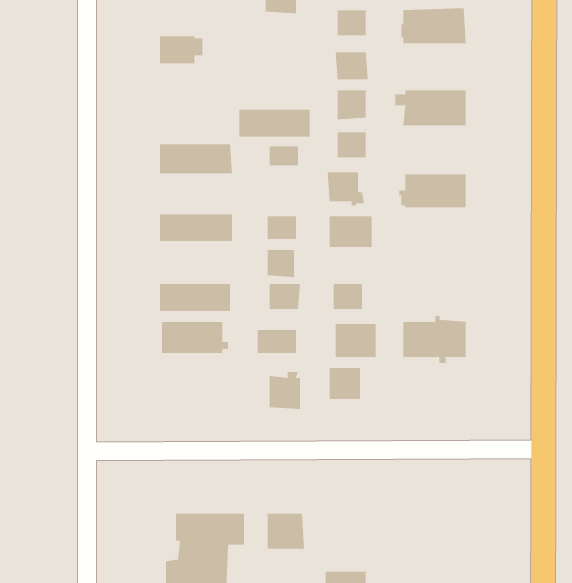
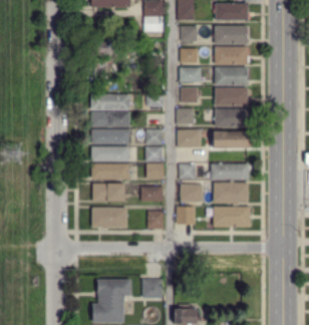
building: none -> [216,47,249,65]
building: [239,109,310,137] -> [92,112,128,126]
building: none -> [214,88,247,106]
building: none -> [214,132,252,146]
building: none -> [92,146,128,160]
building: none -> [212,165,248,179]
building: none -> [92,207,126,228]
building: none -> [214,207,248,226]

